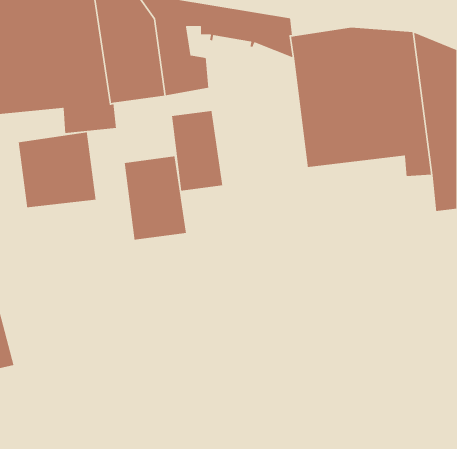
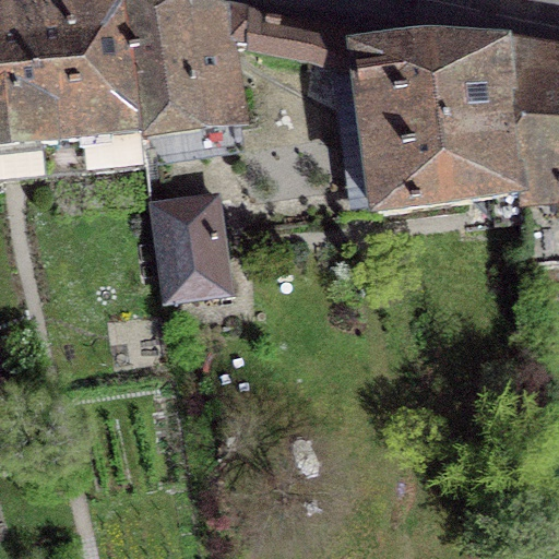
building: [171,110,223,192] -> none
building: [18,131,97,208] -> none

